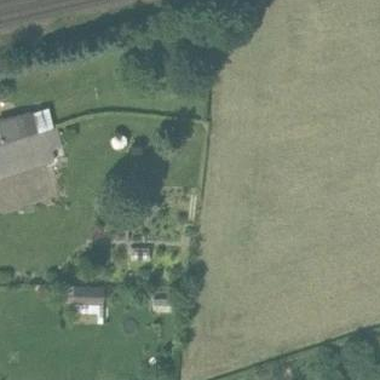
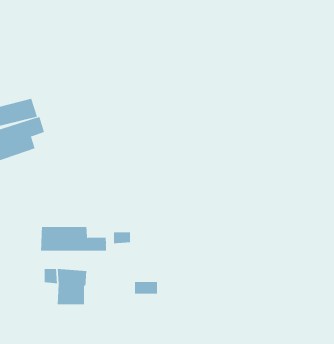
building: none -> [40,226,106,251]

